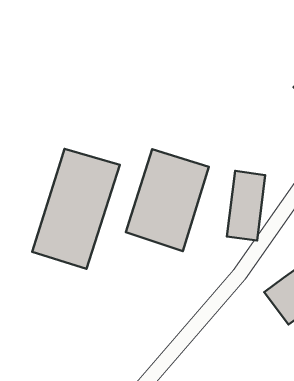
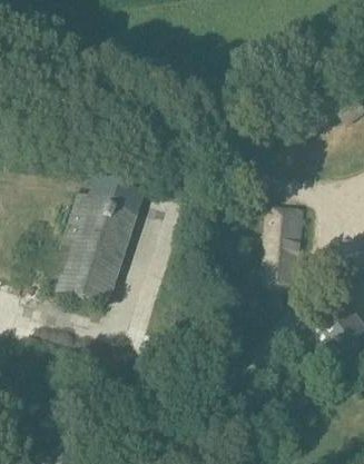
building: [126,149,209,251] -> none

